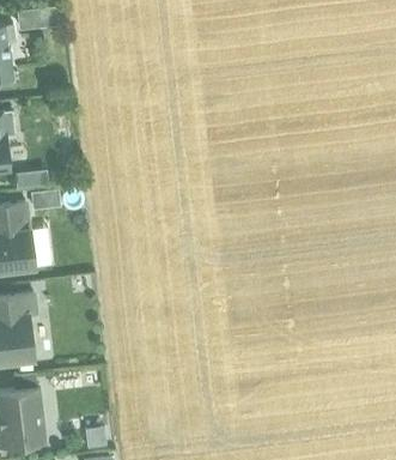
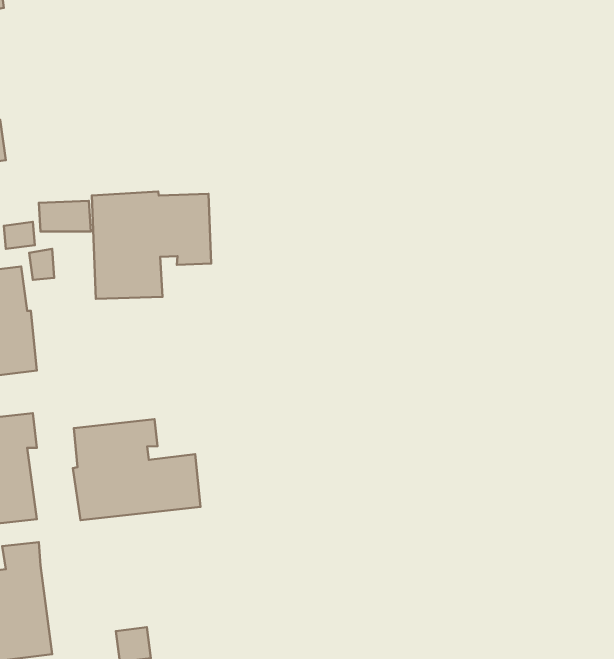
building: none -> [92,191,211,299]
building: none -> [73,419,200,520]

